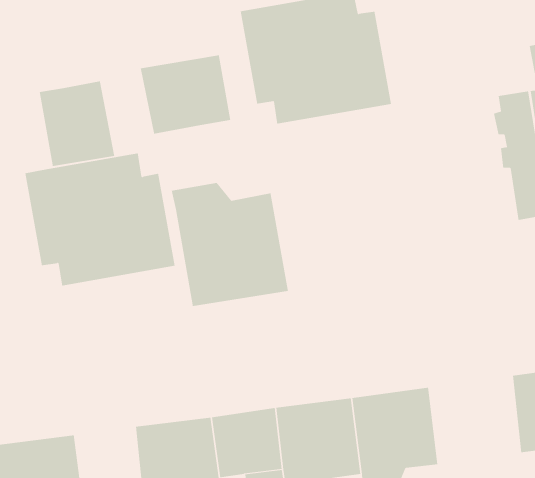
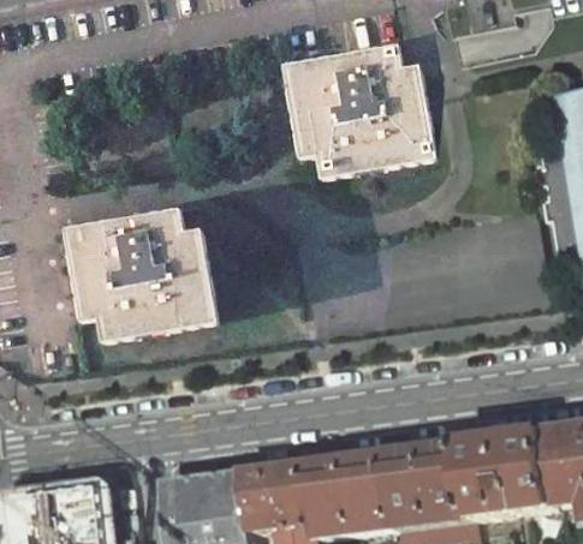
building: [140,55,231,135] -> none
building: [39,80,115,167] -> none
building: [171,182,288,307] -> none
building: none -> [472,430,565,520]

